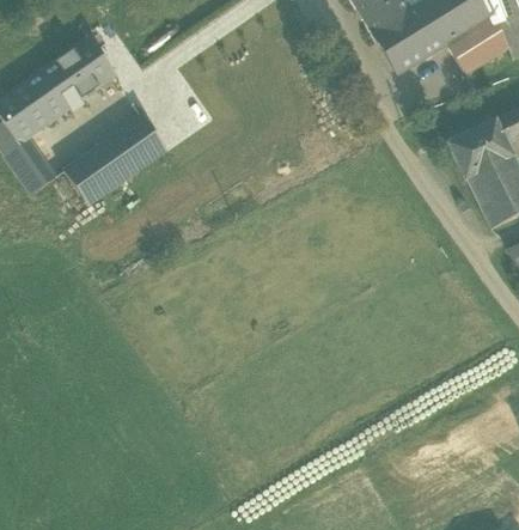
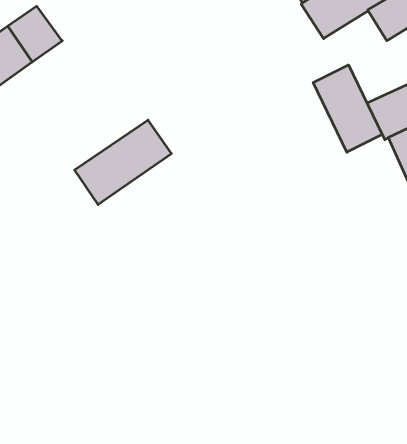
building: none -> [313,65,382,152]
building: [66,114,170,205] -> [75,120,171,205]

